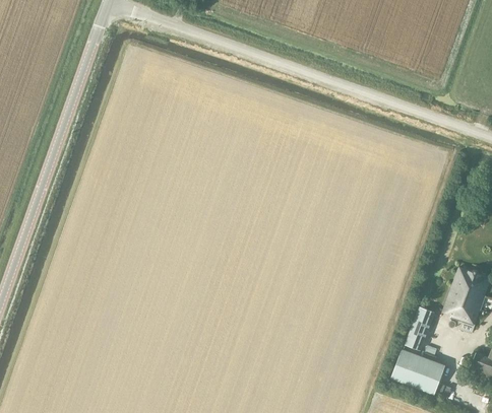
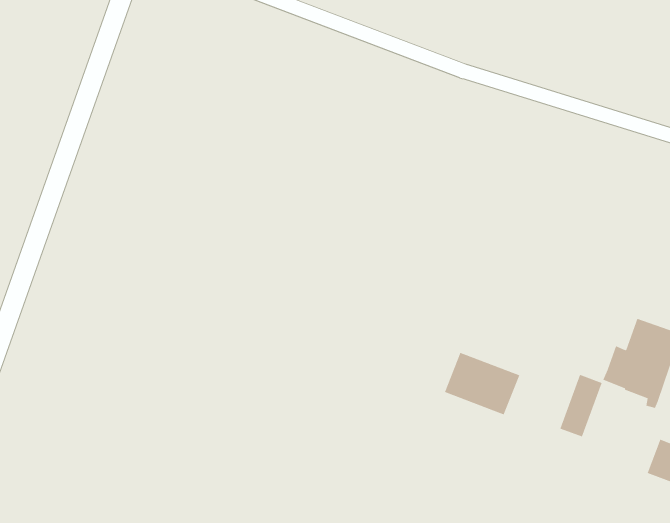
building: [392,349,446,394] -> [444,352,520,415]

